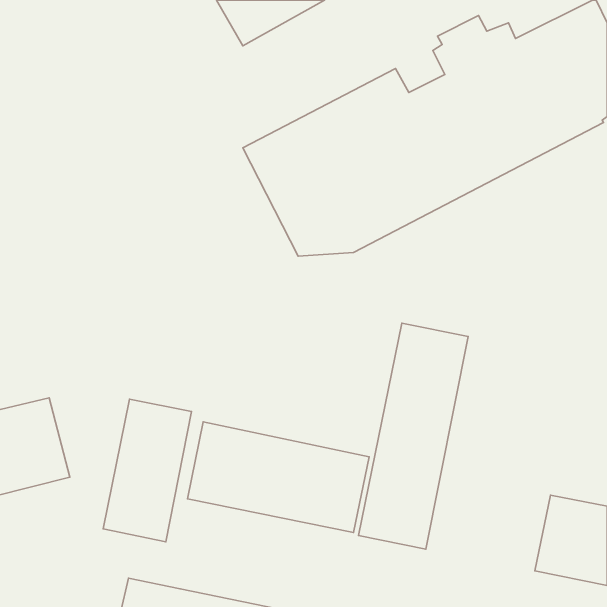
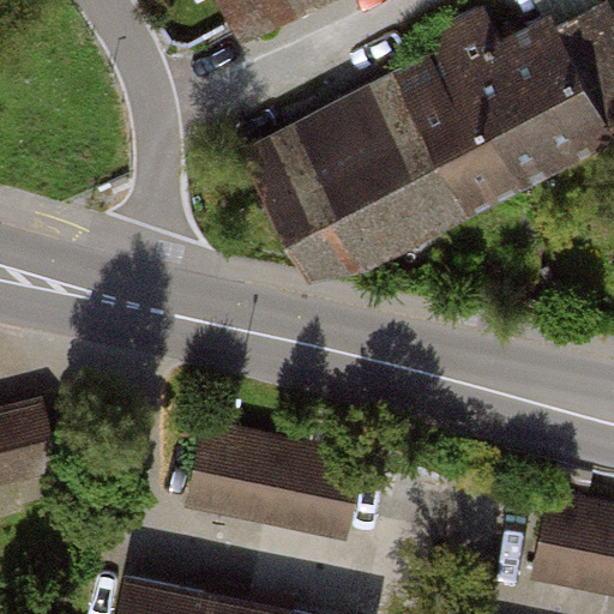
building: [359,323,468,549] -> none
building: [103,399,191,542] -> none

